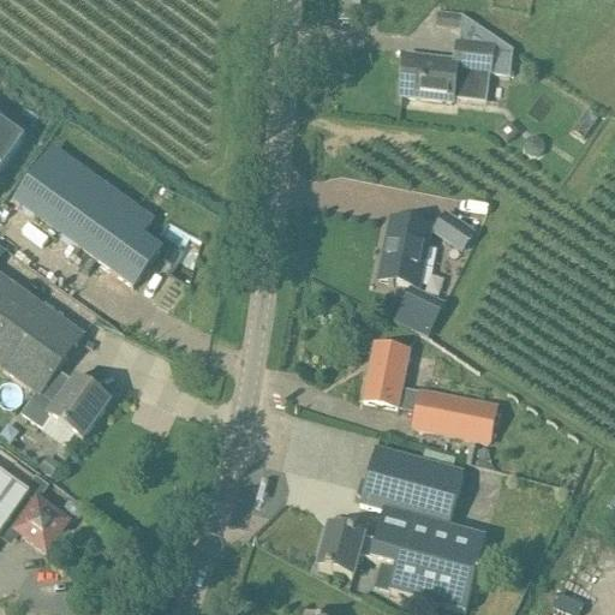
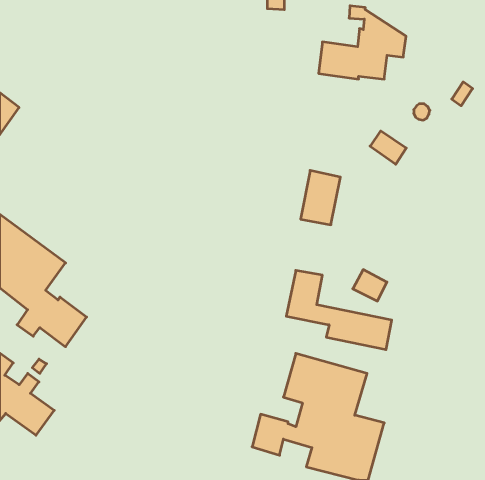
building: [16,144,161,283] -> none
building: [430,208,476,250] -> [370,131,406,164]
building: [393,292,436,332] -> [353,270,387,301]

